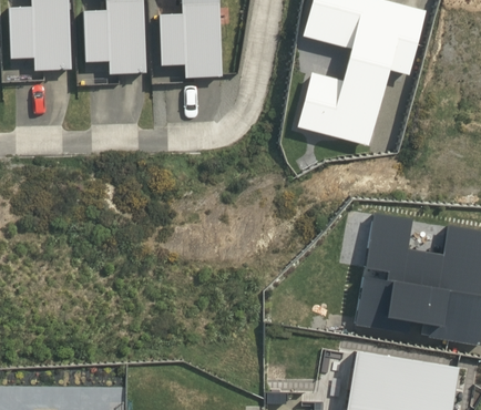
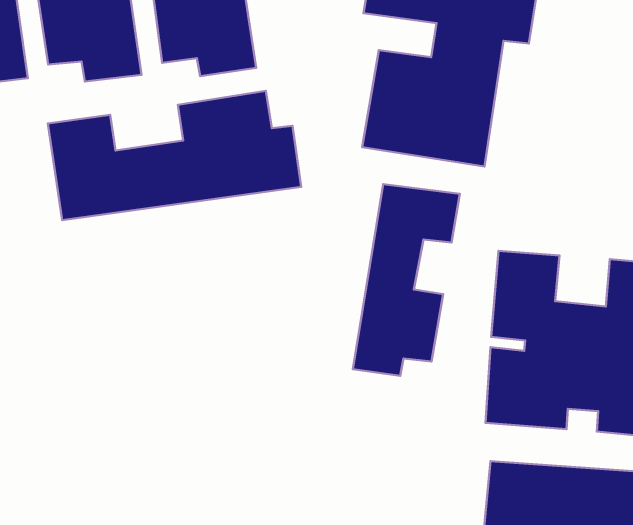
building: none -> [48,91,301,220]
building: none -> [353,184,460,376]

